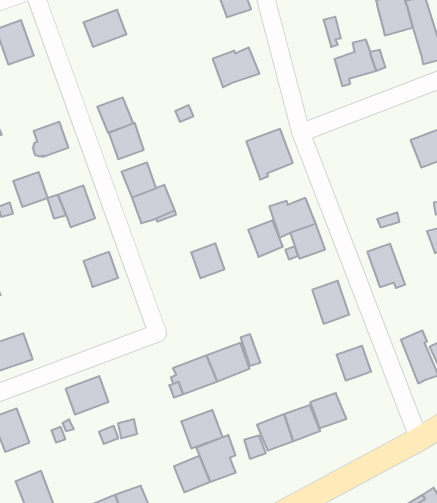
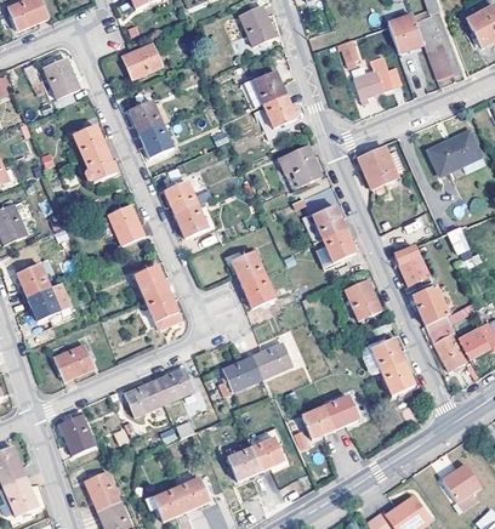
building: none -> [257,95,296,140]
building: [109,123,144,159] -> [130,99,163,133]
building: none -> [359,147,397,187]
building: [13,172,48,207] -> [73,126,106,159]
building: [248,221,283,257] -> [243,275,275,309]
building: none -> [144,289,181,330]
building: none -> [414,286,450,331]
building: none -> [155,368,194,403]
building: [310,393,346,428] -> [381,362,415,394]
building: [181,410,223,449] -> none

